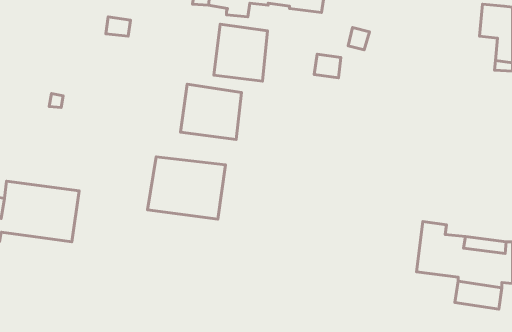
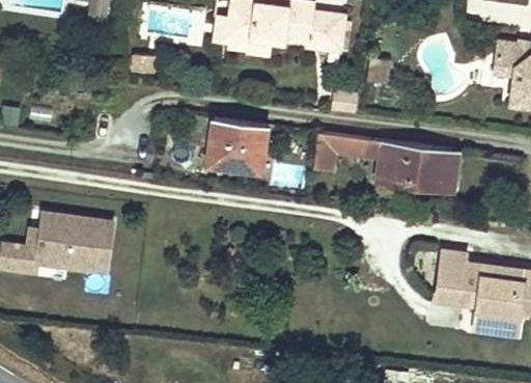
building: [214,24,267,81] -> none
building: none -> [304,133,456,194]
building: [148,157,225,219] -> none

